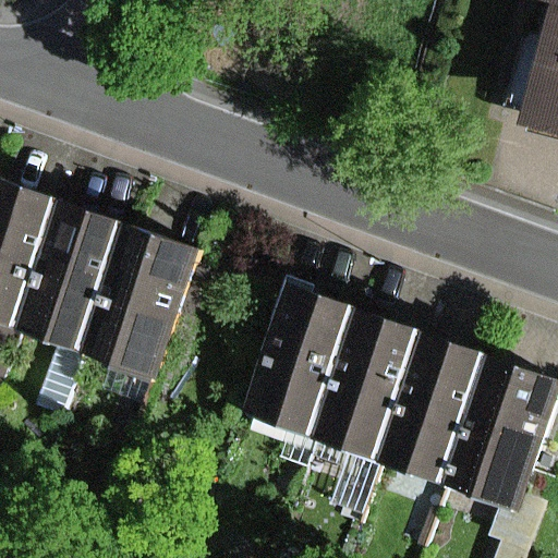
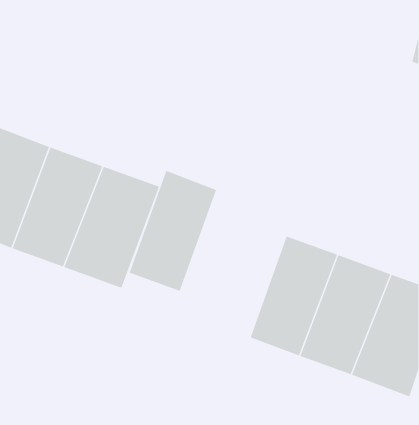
building: [255,289,368,445] -> [129,170,217,292]

